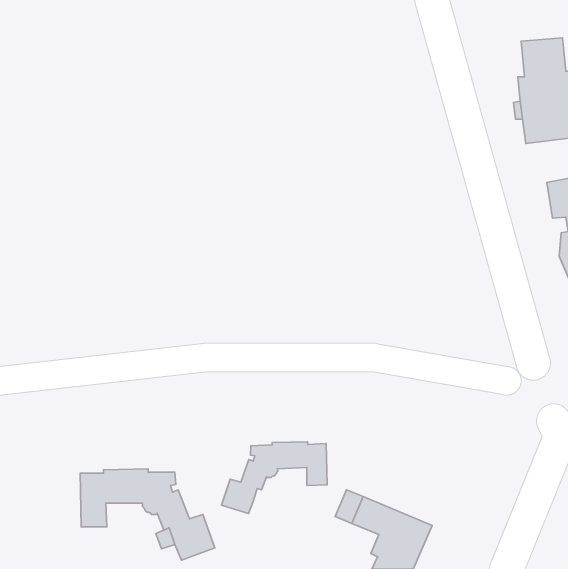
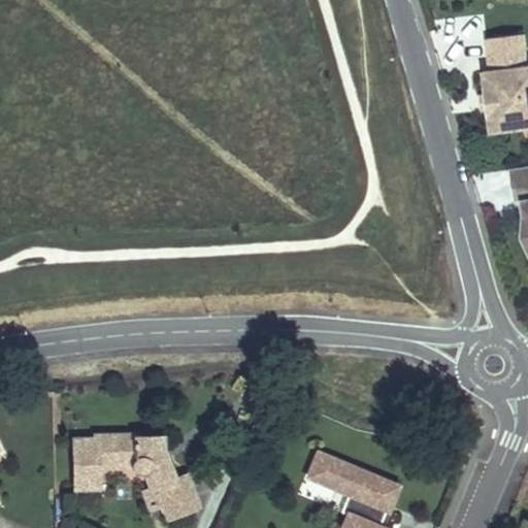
building: [221,442,327,514] -> none

